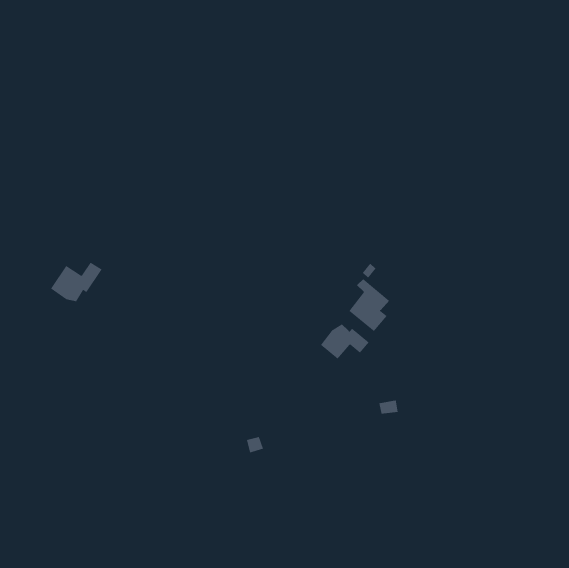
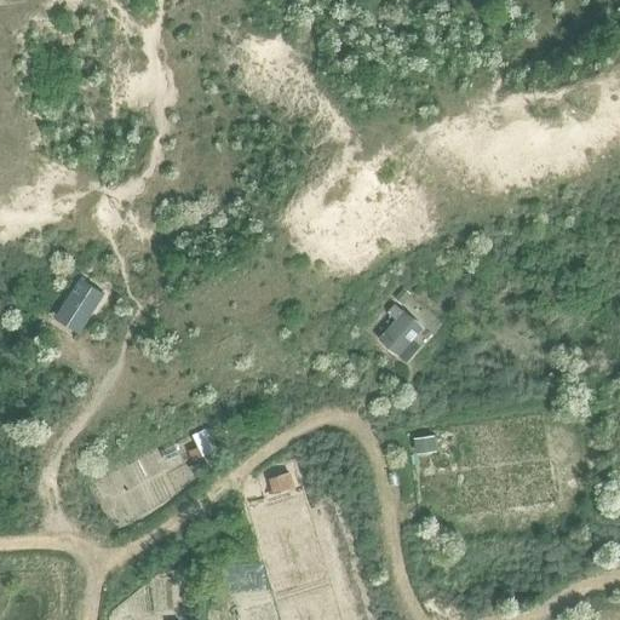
building: [320,324,370,360] -> none

